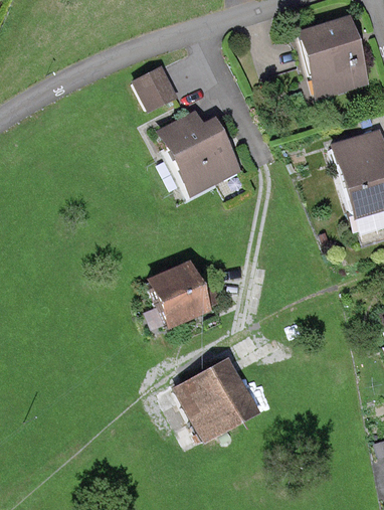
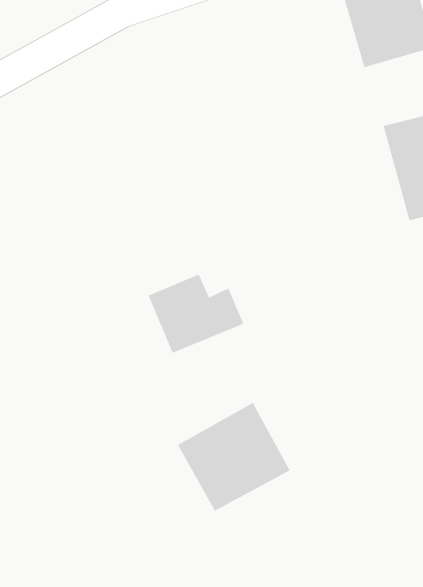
building: [135,62,176,104] -> none
building: [161,112,235,185] -> none

